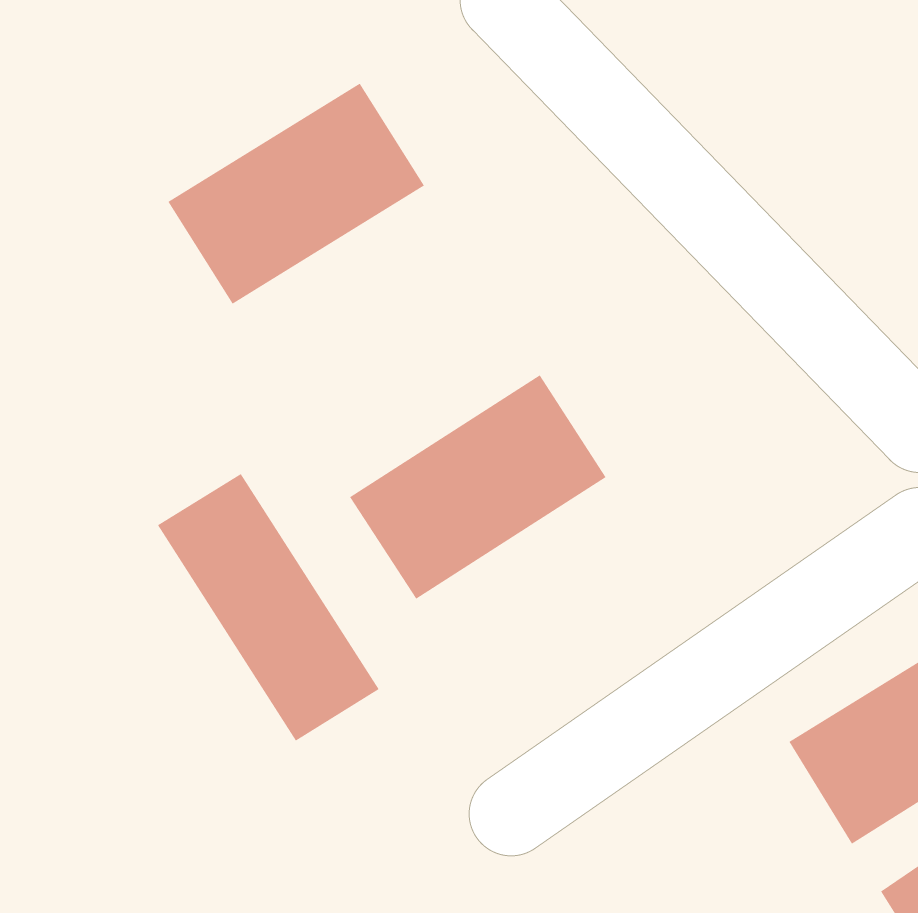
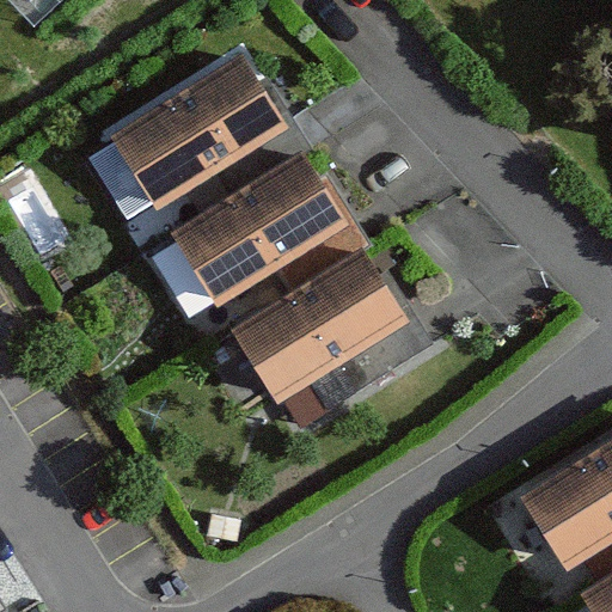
building: none -> [171,157,342,306]
building: [157,473,379,741] -> none

